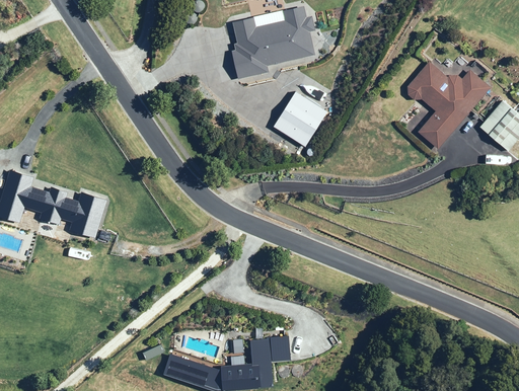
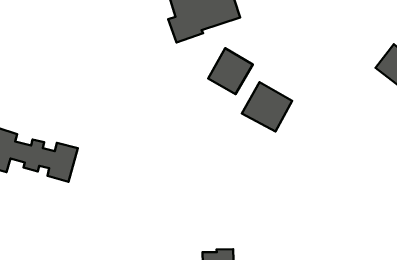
building: [405,60,491,149] -> none
building: none -> [242,82,292,132]

